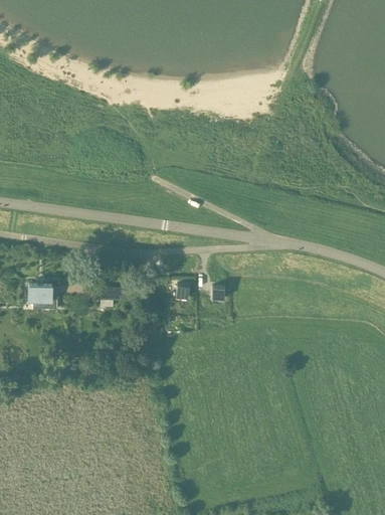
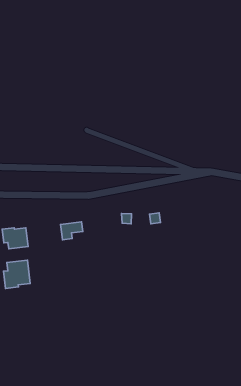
building: none -> [3,260,30,289]

